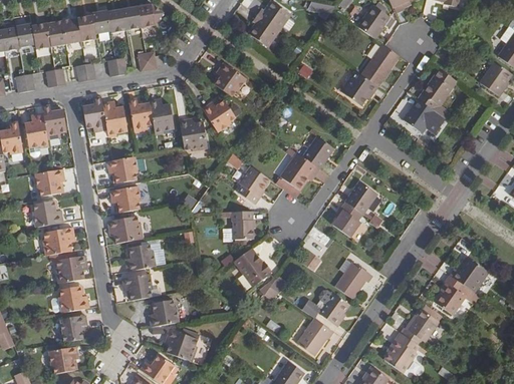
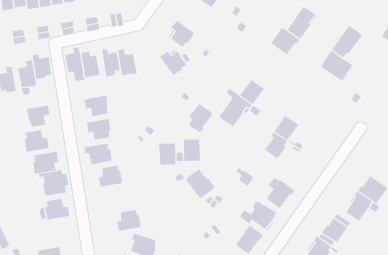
building: [179,118,207,150] -> none
building: none -> [159,143,176,166]
building: [120,273,153,300] -> none
building: [59,314,86,341] -> none

